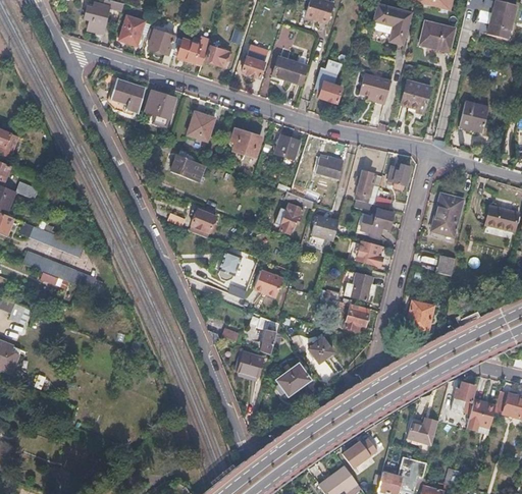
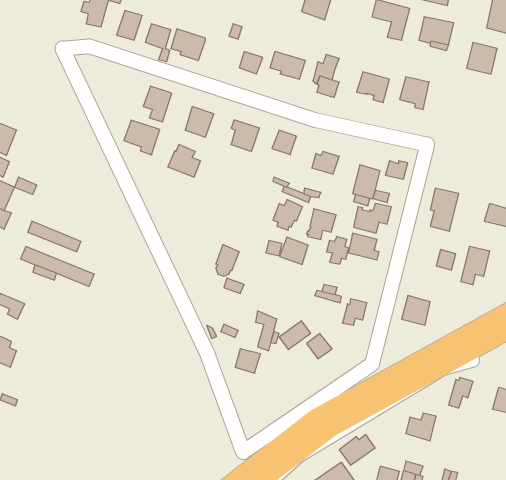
building: [202,45,231,66] -> none
building: [109,78,145,113] -> [124,120,160,155]
building: [459,101,489,132] -> [467,42,497,74]
building: [167,207,217,237] -> none
building: none -> [461,246,490,285]
building: [253,269,281,296] -> [280,237,308,265]
building: [351,272,373,299] -> [326,237,349,264]
building: [275,362,307,390] -> [279,321,311,349]
building: [466,399,495,430] -> none

